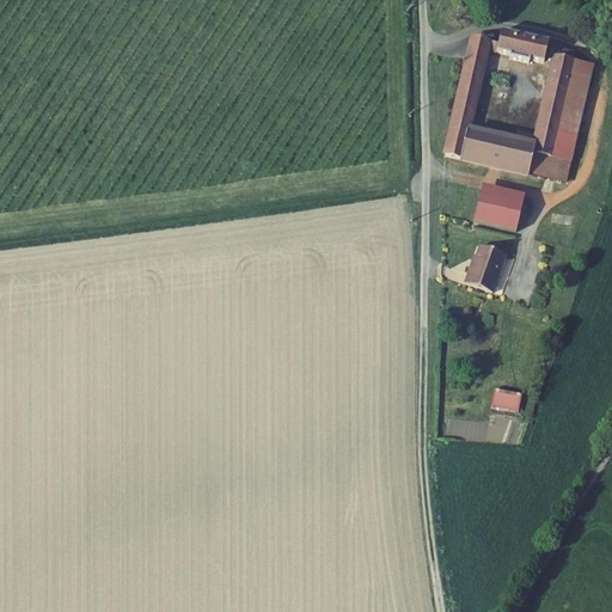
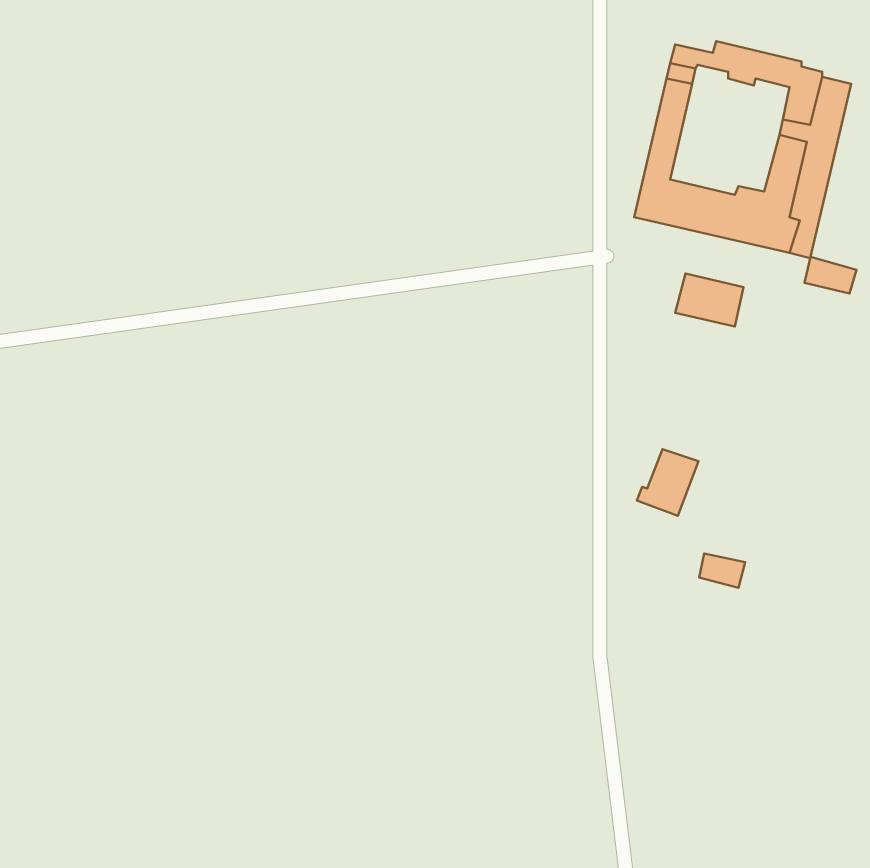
building: none -> [804,257,856,294]
building: [461,243,504,289] -> [637,449,698,516]

